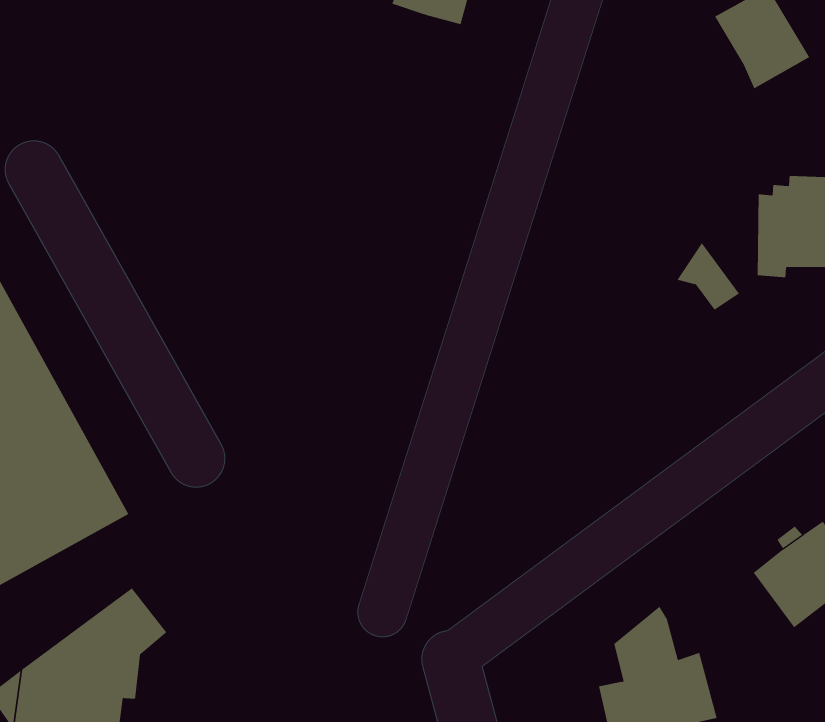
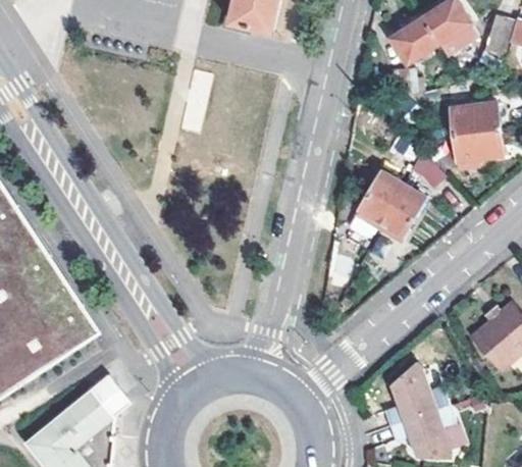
building: none -> [390,15,438,64]
building: none -> [355,173,422,241]

